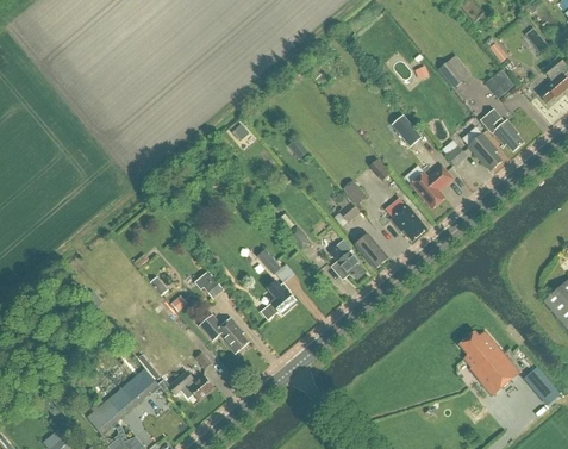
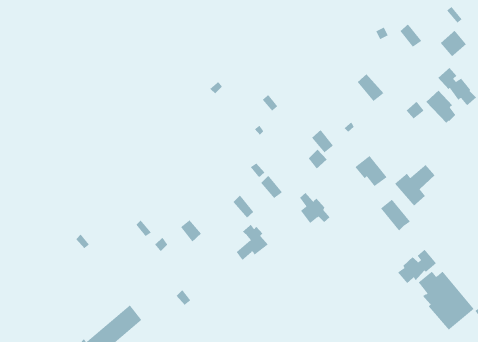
building: [408,163,454,210] -> [394,164,436,207]
building: [354,233,387,269] -> [380,199,411,231]
building: none -> [397,249,437,284]
building: [199,314,248,354] -> none
building: [167,370,213,400] -> none

